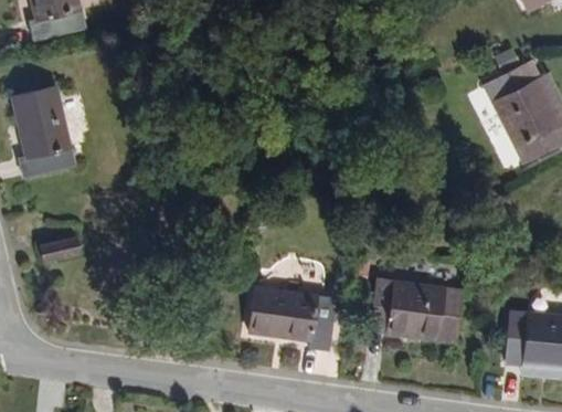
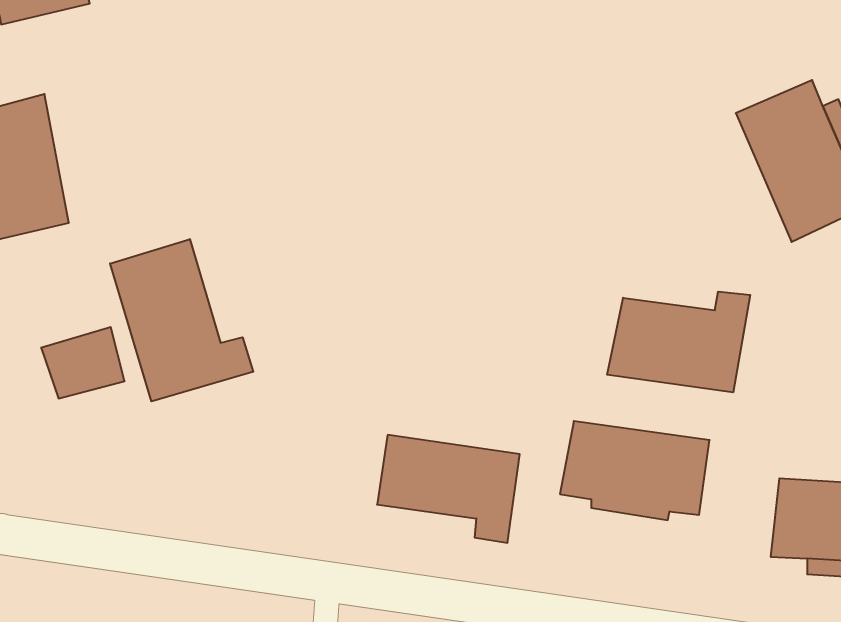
building: none -> [110,239,253,401]
building: none -> [607,292,750,392]

